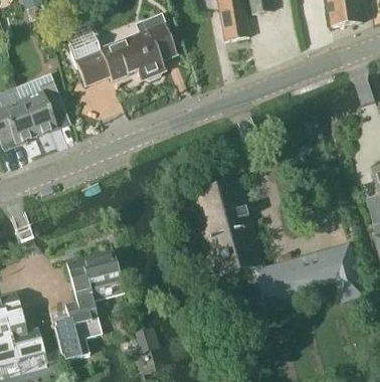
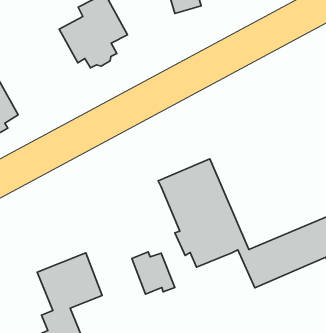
building: [66,25,129,86] -> none
building: none -> [132,252,175,294]

